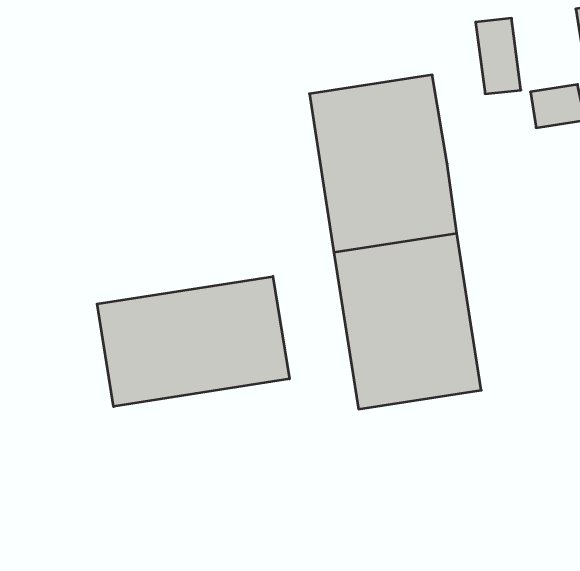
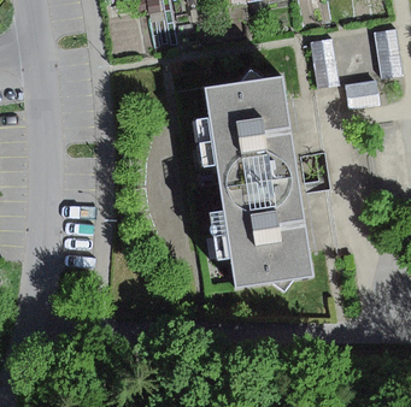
building: [97,276,289,407] -> none

